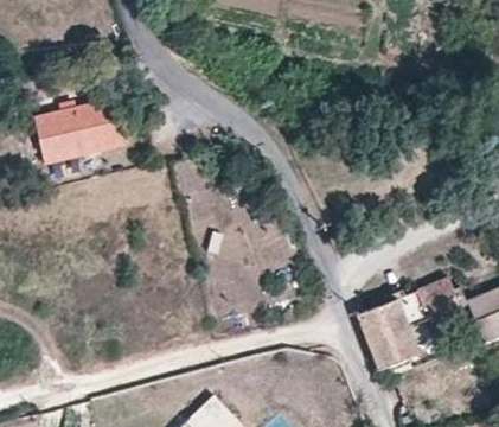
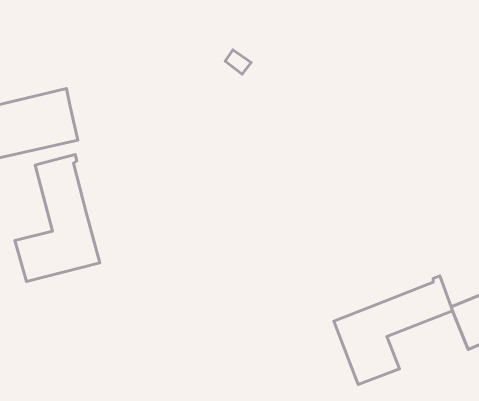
building: none -> [15,154,100,282]

